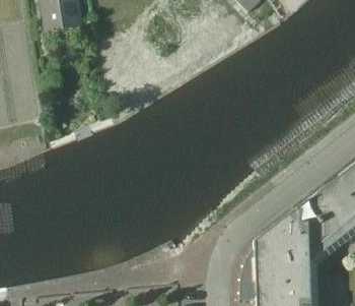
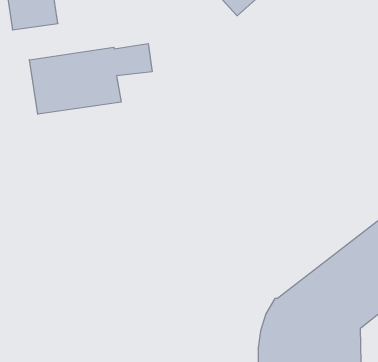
building: none -> [29,44,152,114]

